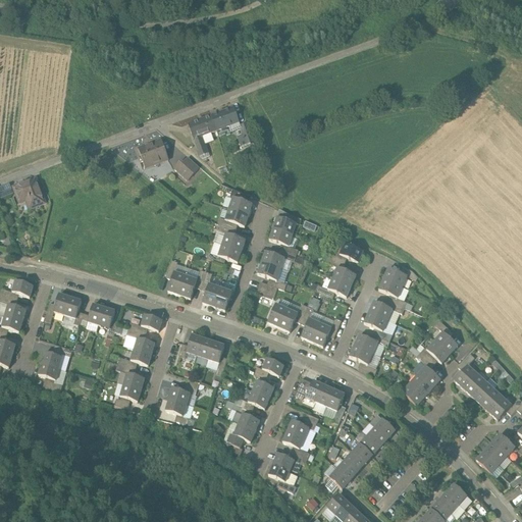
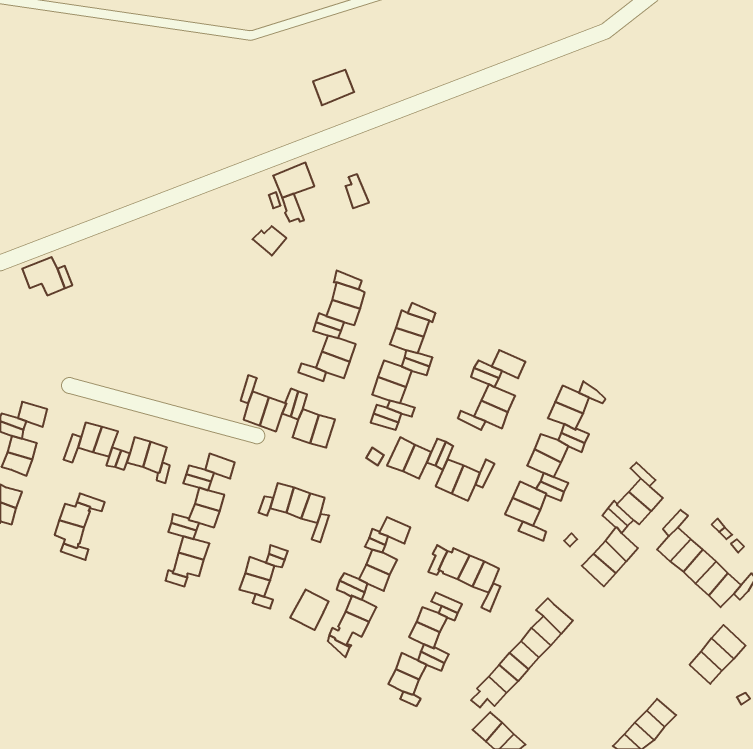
building: [212,104,241,128] -> [313,70,354,105]
building: [140,138,170,165] -> none
building: none -> [290,589,329,630]

